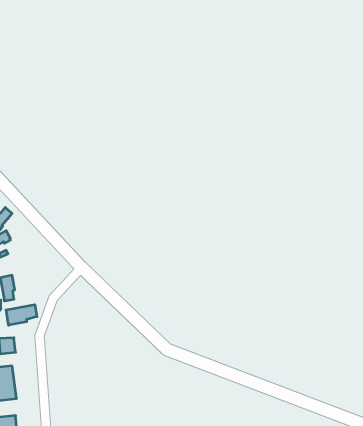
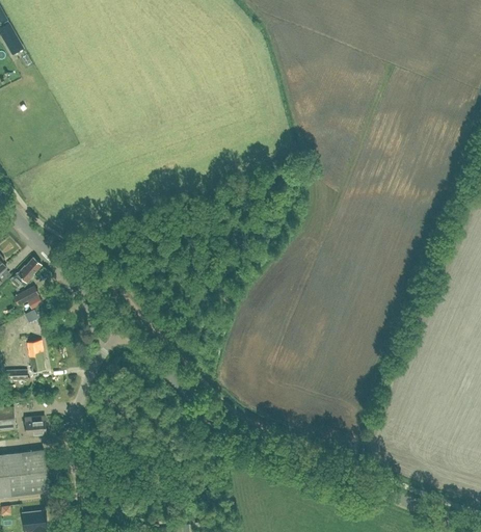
building: [6,305,37,325] -> none

